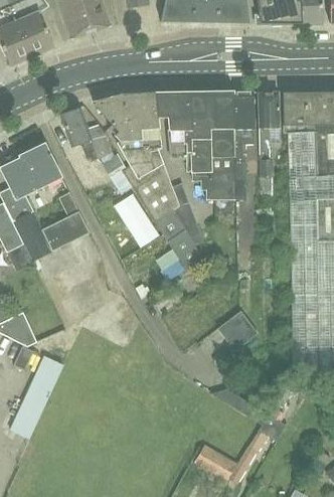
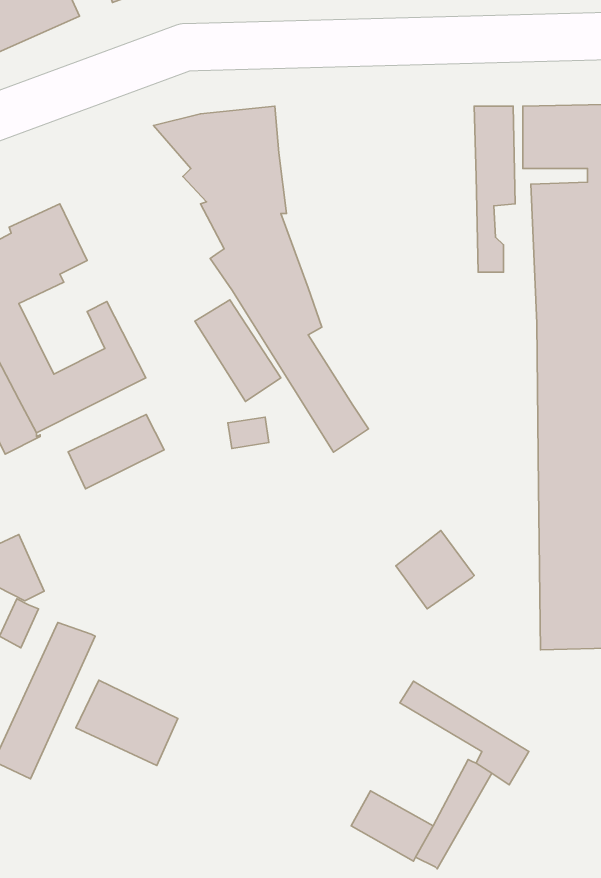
building: [155,91,254,199] -> none
building: [59,107,133,193] -> none
building: [172,182,203,245] -> none
building: none -> [68,414,164,489]
building: none -> [76,680,178,766]

